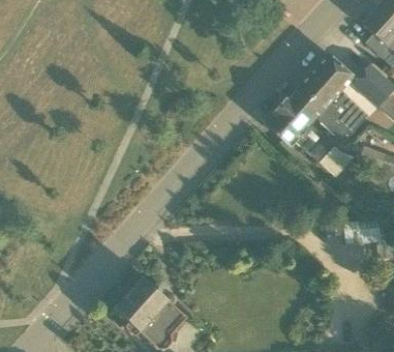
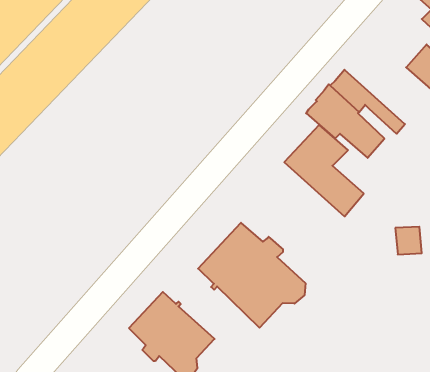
building: [299,55,367,134] -> [284,125,364,216]
building: none -> [198,223,305,328]

